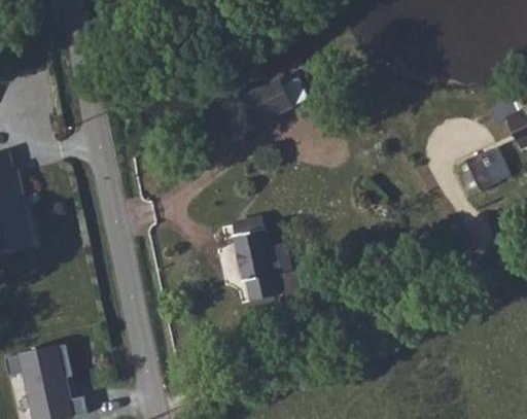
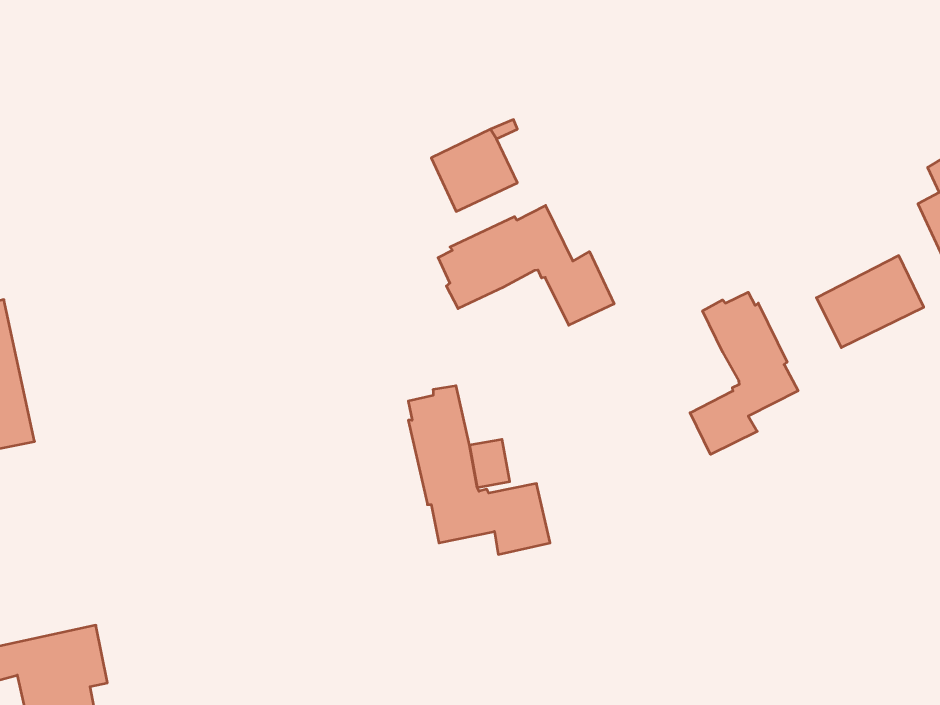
building: none -> [438,205,614,325]
building: none -> [690,292,798,454]

